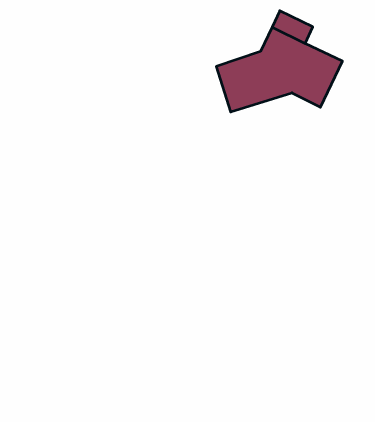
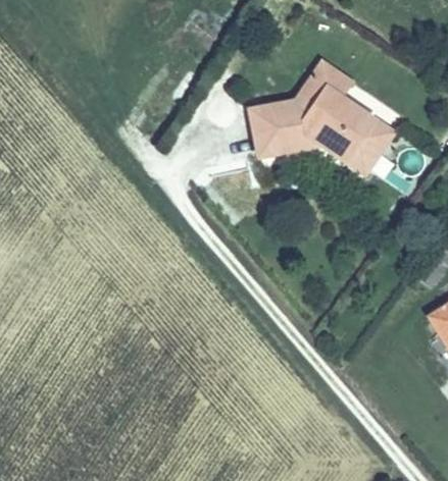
building: none -> [350,117,394,170]

